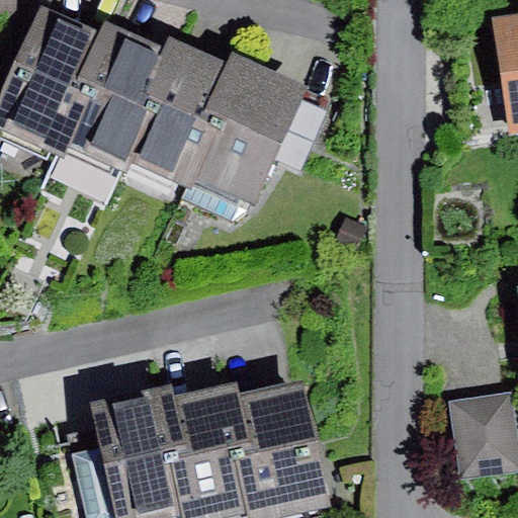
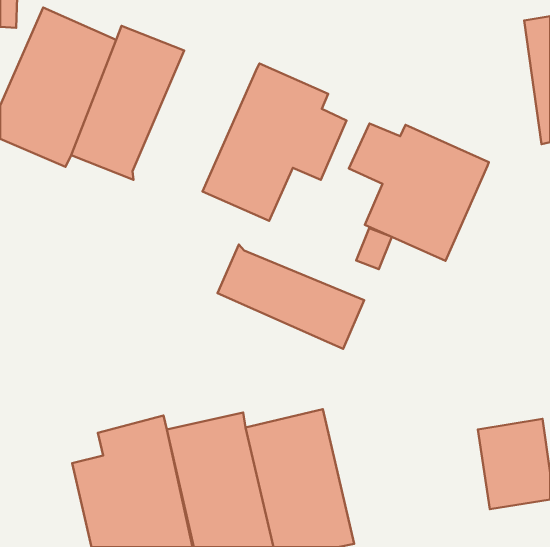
building: [124,36,242,187] -> none
building: none -> [349,123,489,261]
building: none -> [217,244,364,349]

